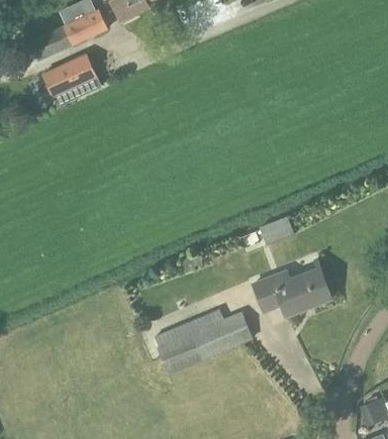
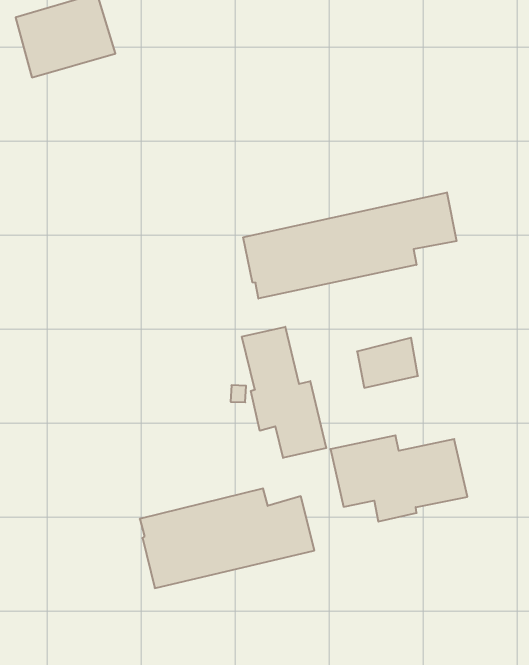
building: none -> [243,192,457,299]
building: none -> [242,327,326,458]

